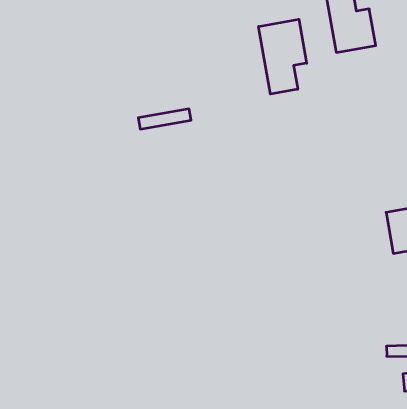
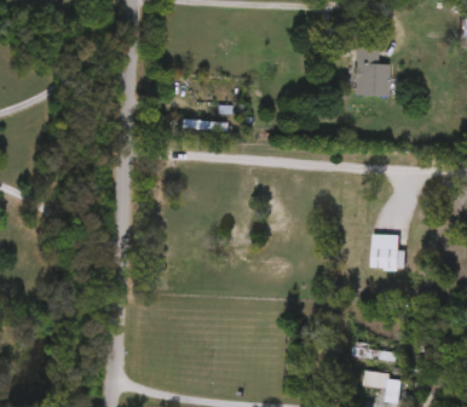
building: [259,19,307,94] -> none

